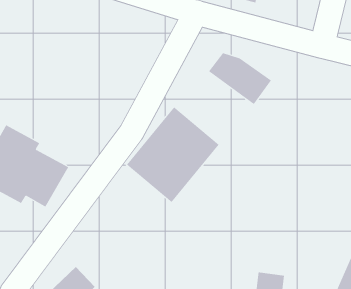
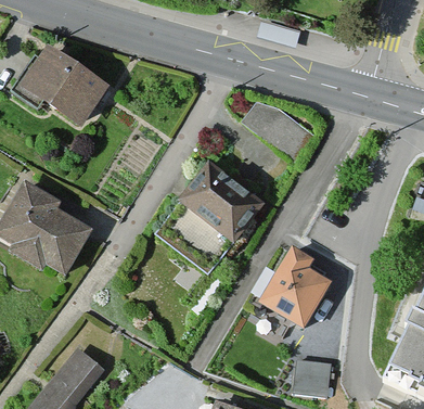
building: none -> [13,42,104,127]
building: none -> [255,243,327,328]

